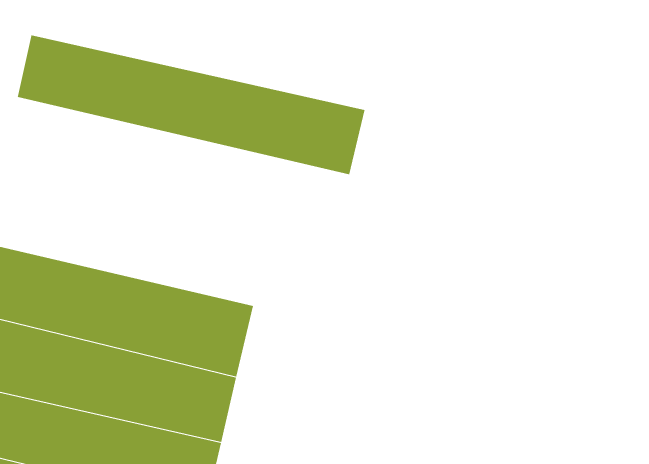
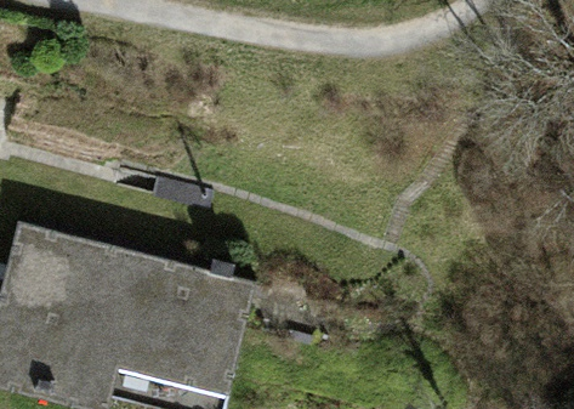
building: [17,34,365,175] -> none

